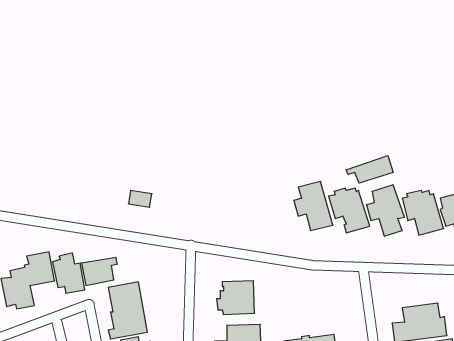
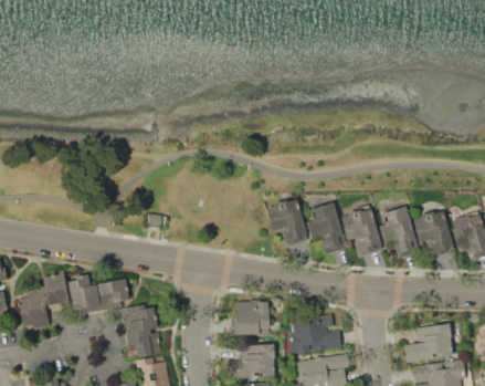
building: [346,156,393,183] -> none
building: none -> [266,199,308,244]
building: none -> [287,315,341,355]

